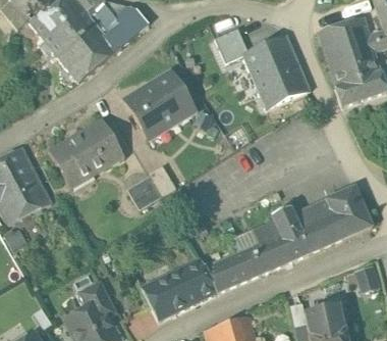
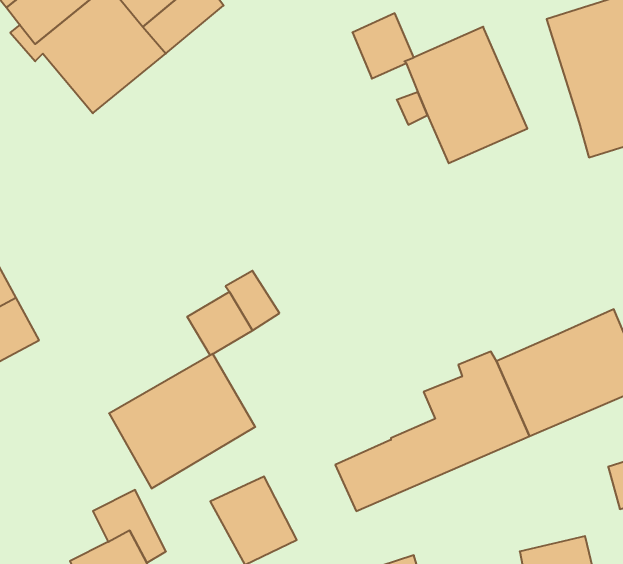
building: [126,72,195,137] -> none
building: [49,117,126,189] -> [109,354,255,488]
building: [169,258,217,307] -> none

